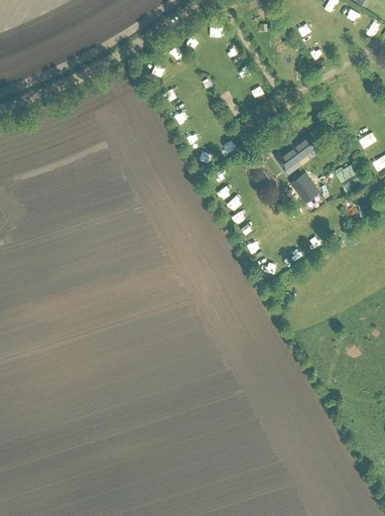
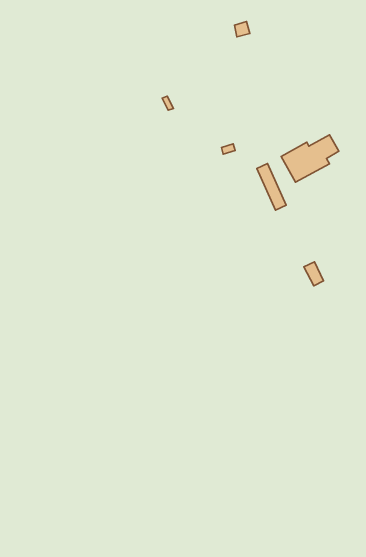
building: [291,173,318,203] -> none

